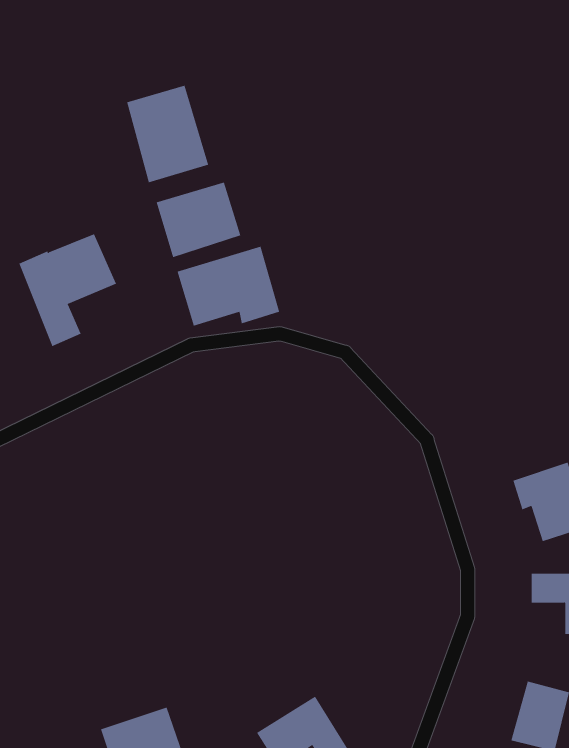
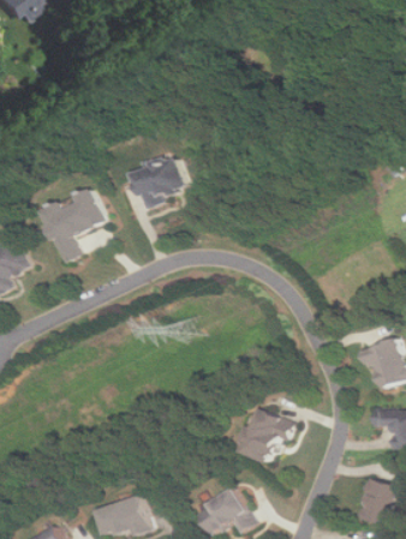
building: [126,85,209,183] -> none
building: [177,246,280,326] -> none
building: none -> [237,407,292,462]

